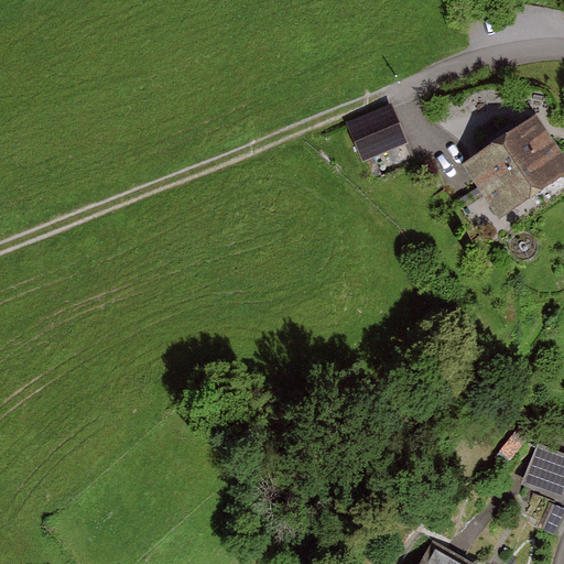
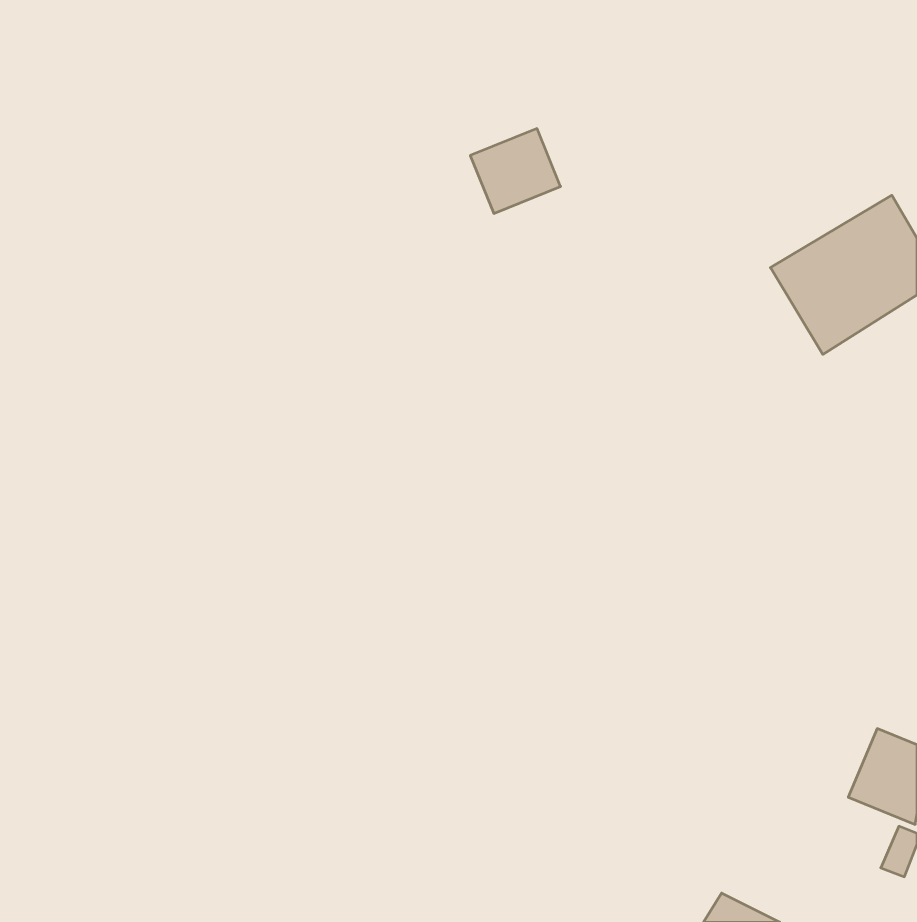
building: [350,106,405,158] -> [470,129,561,213]

